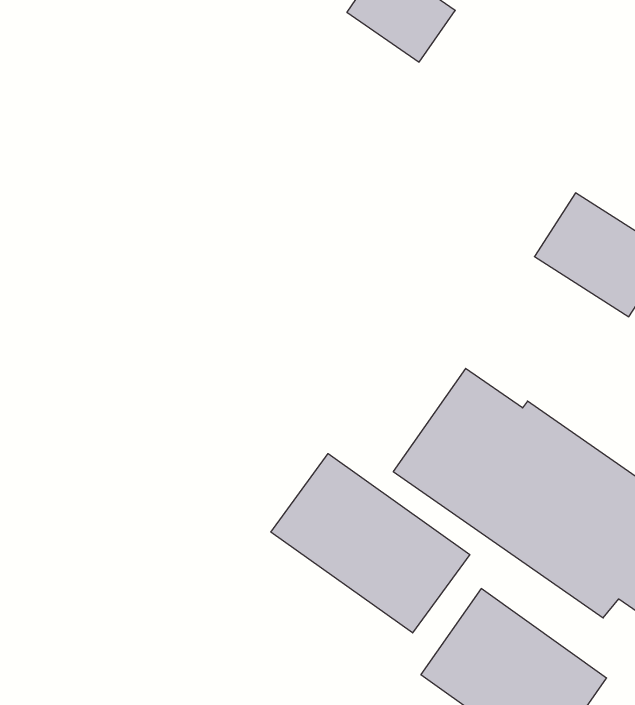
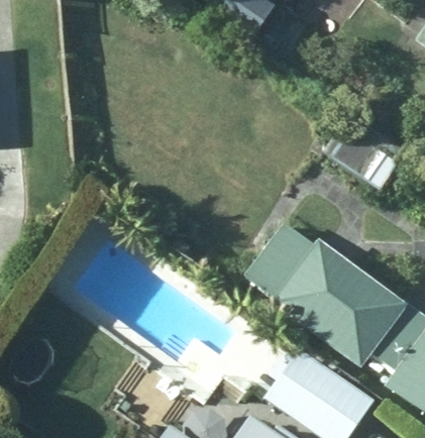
building: [271,454,470,633] -> none

